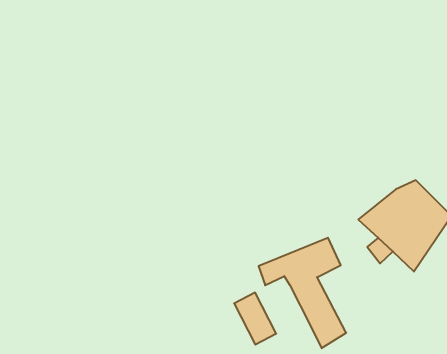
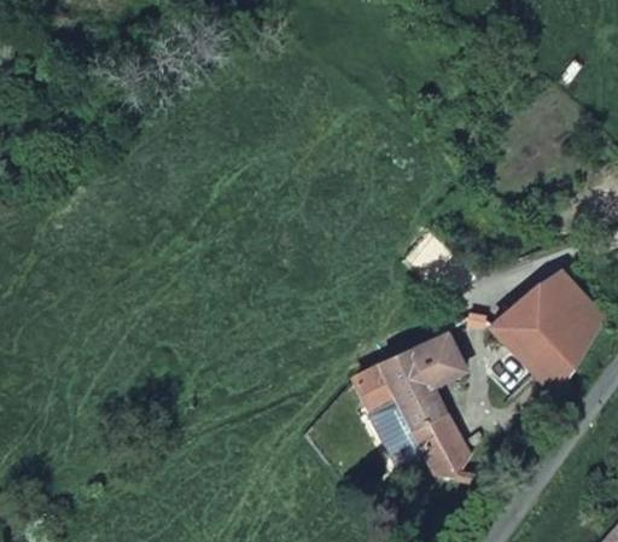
building: [234,293,276,345] -> [369,400,425,468]

